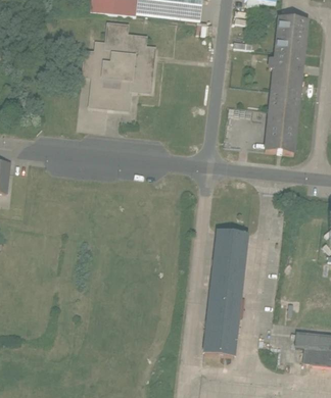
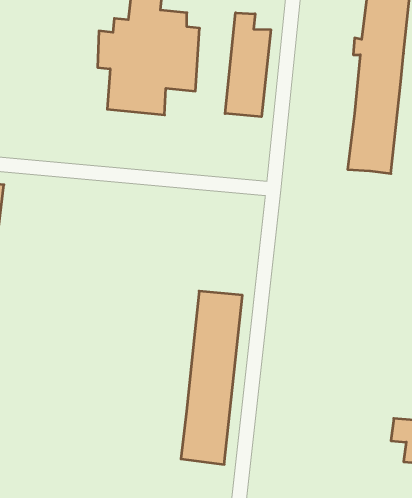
building: none -> [225,13,271,117]
building: [205,230,250,356] -> [181,291,242,464]

